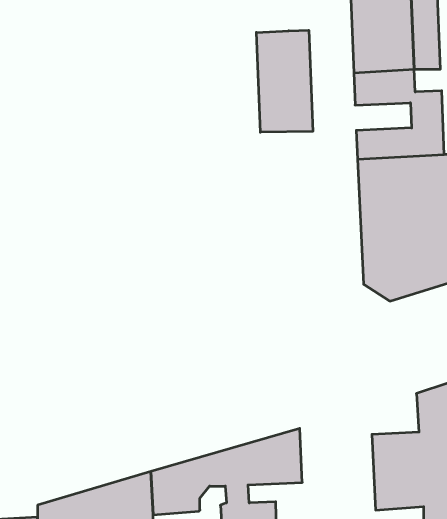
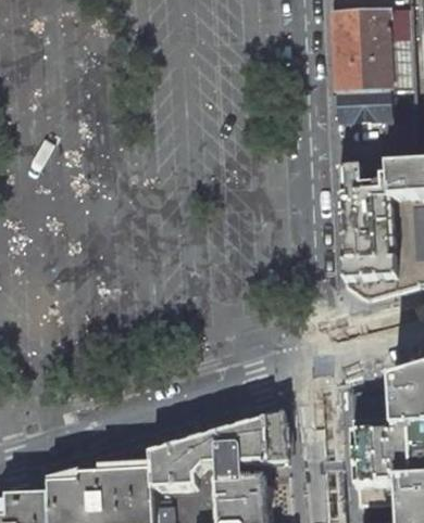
building: [256,30,313,132] -> none

